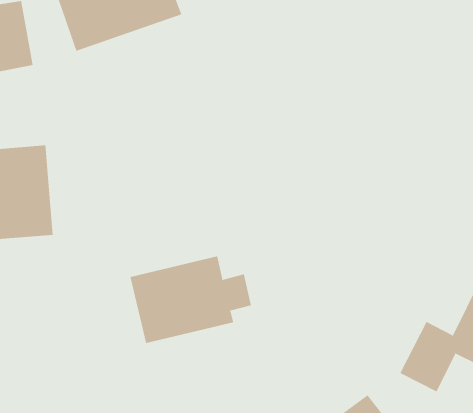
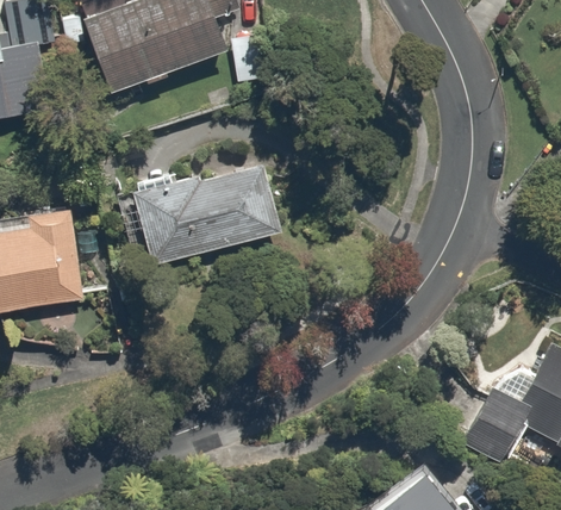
building: none -> [130,150,278,265]
building: [130,256,252,344] -> none

